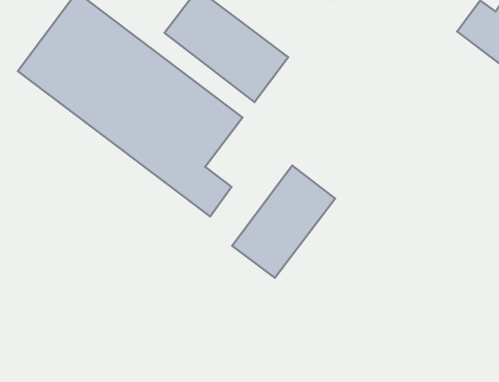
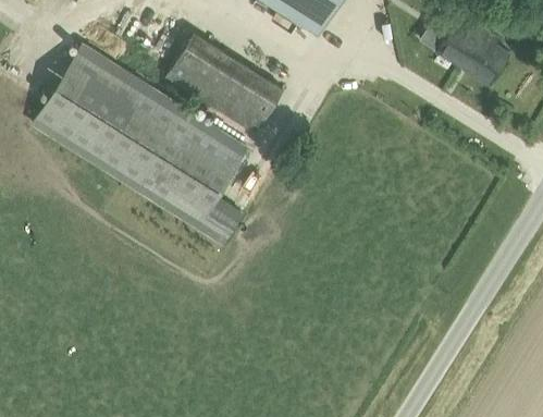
building: [232,165,335,278] -> none

